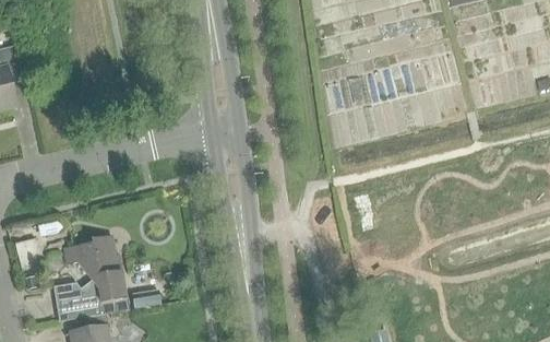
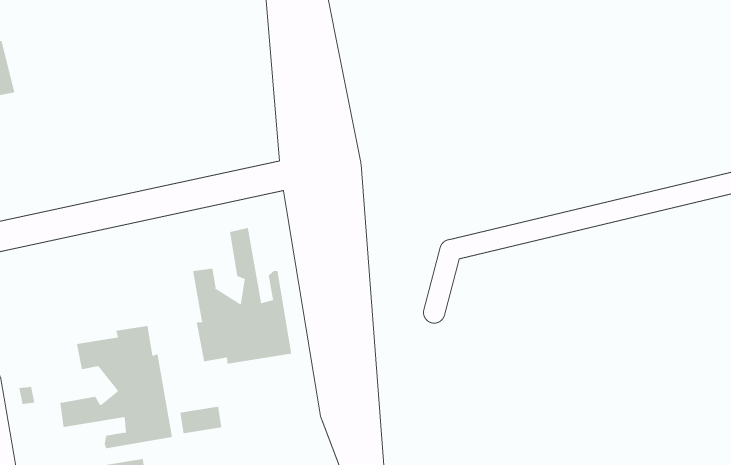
building: none -> [193,227,292,365]

